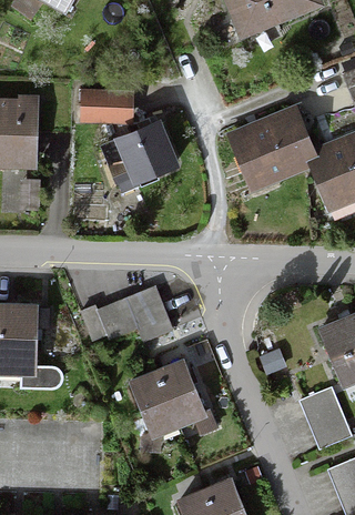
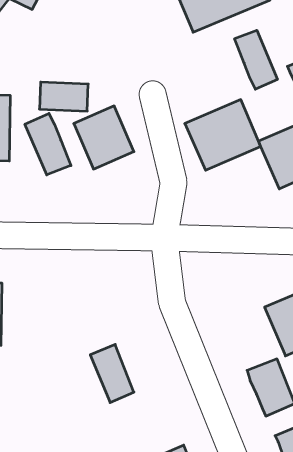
building: none -> [235,30,277,89]
building: none -> [25,113,71,175]
building: [77,292,169,347] -> none
building: [158,361,204,422] -> none

